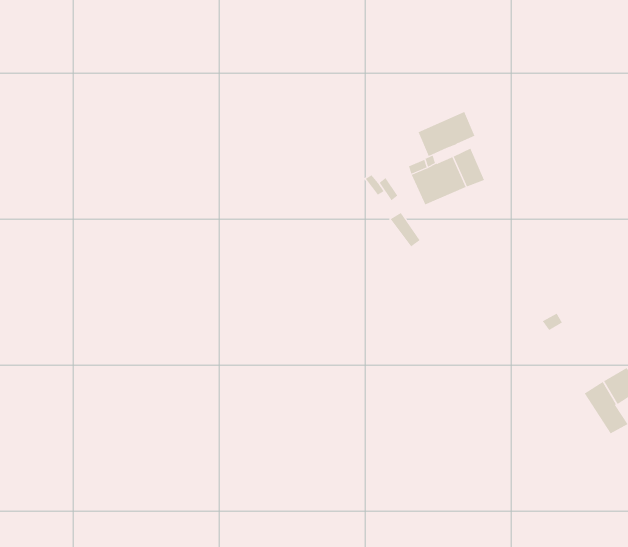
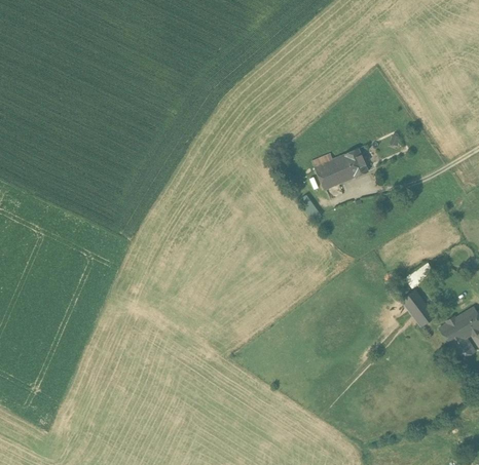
building: [418,111,475,157] -> none
building: none -> [401,289,434,324]

